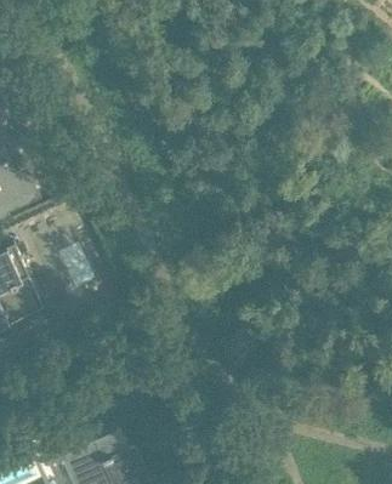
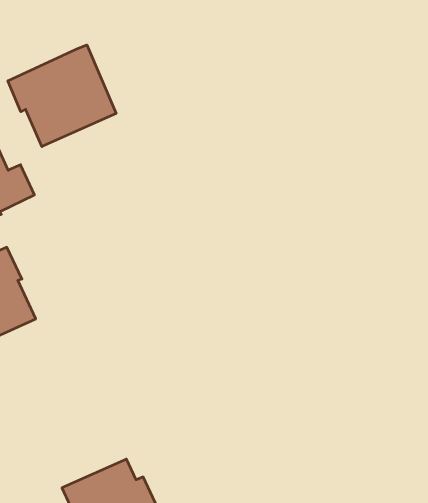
building: none -> [8,45,116,147]

